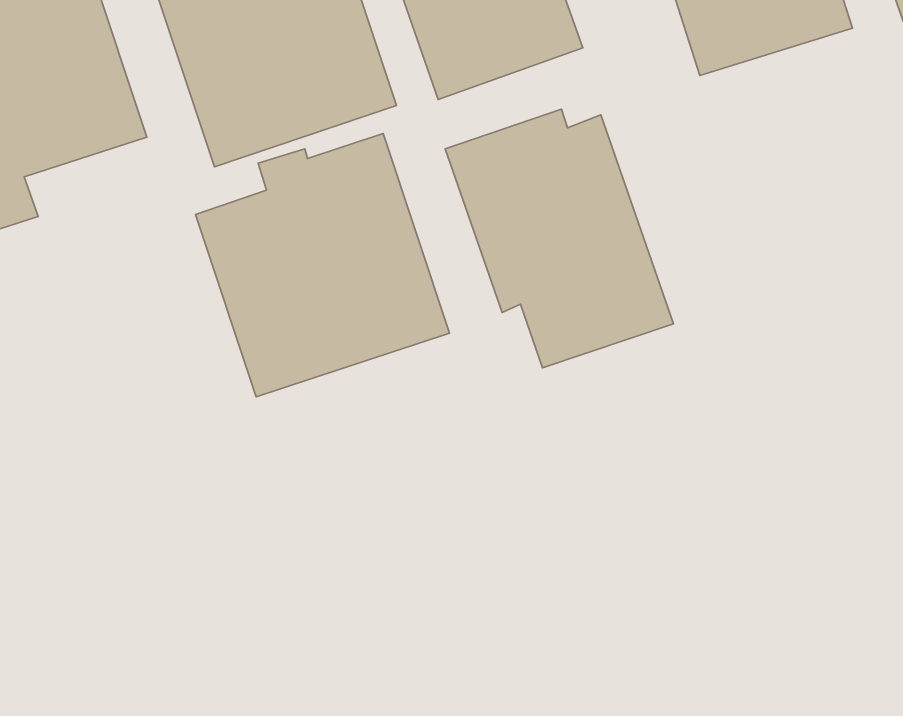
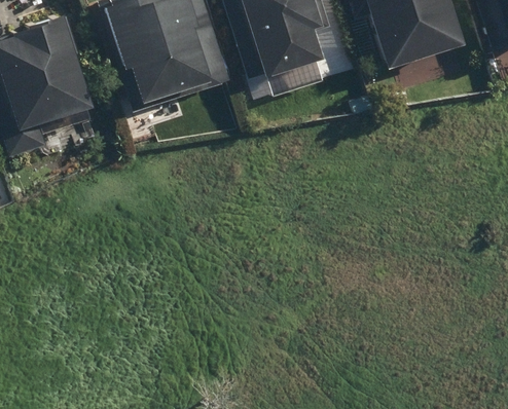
building: [445,109,673,368] -> none
building: [195,133,450,397] -> none

